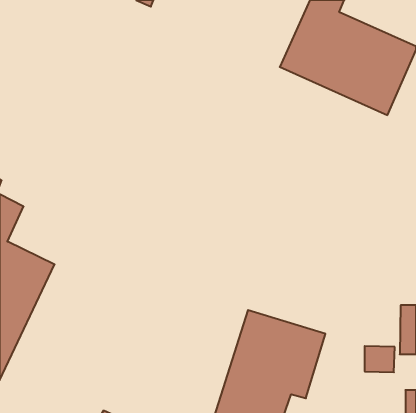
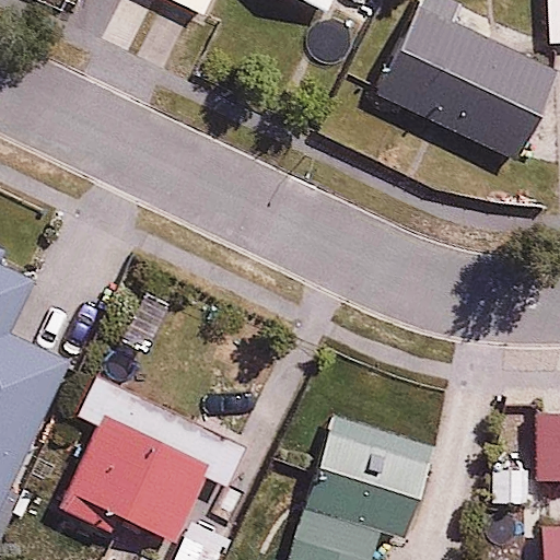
building: none -> [60,413,210,541]

